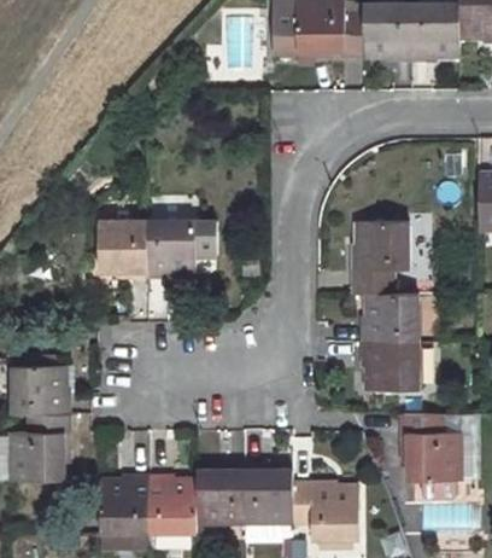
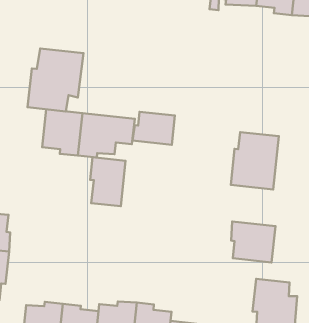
building: none -> [28,49,83,111]
building: none -> [132,112,175,145]
building: none -> [90,157,126,206]
building: [362,295,420,343] -> none

